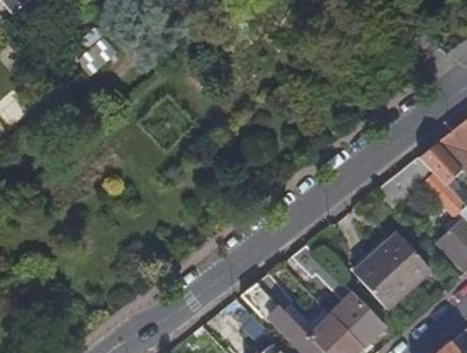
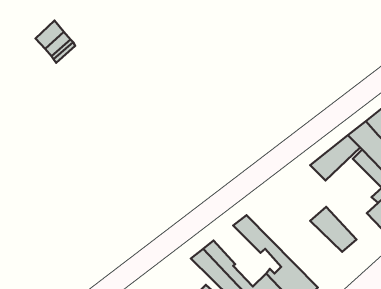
building: [351,252,411,310] -> none

